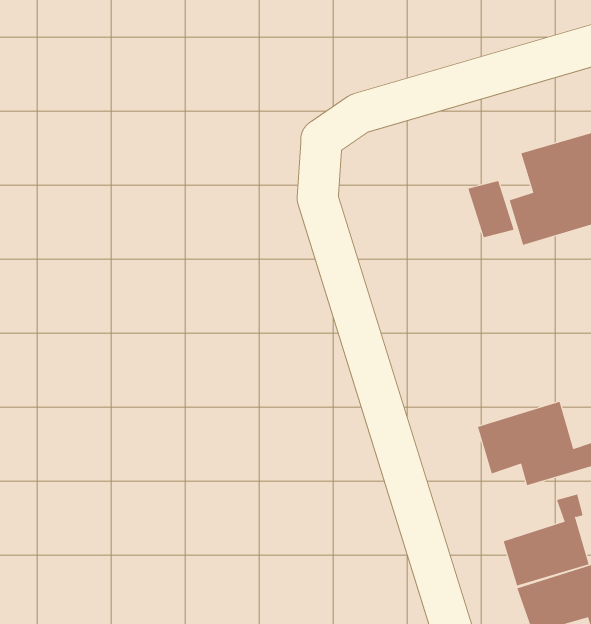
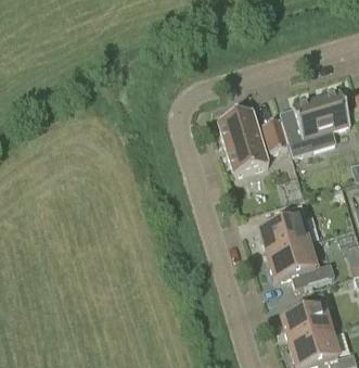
building: none -> [218,109,269,174]
building: none -> [260,203,313,254]

